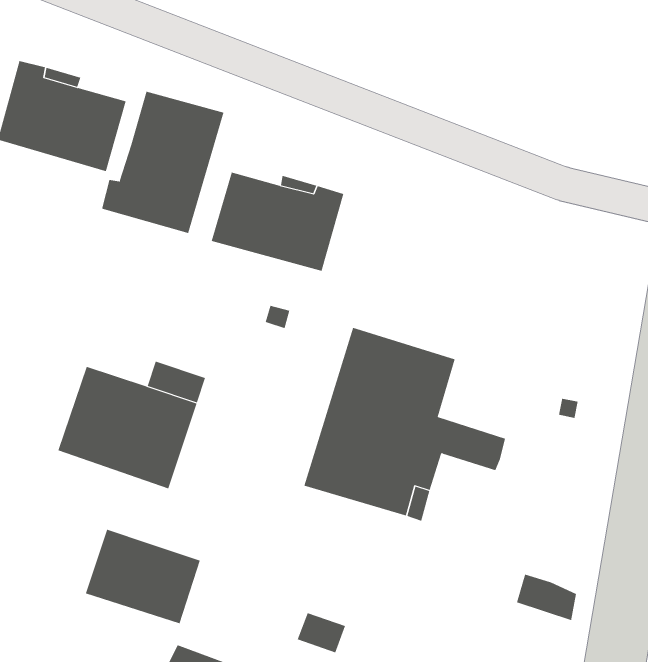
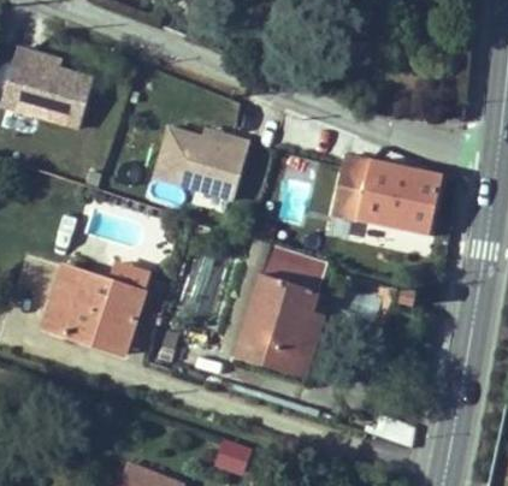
building: [102,91,224,234] -> none
building: none -> [331,154,443,235]
building: [85,529,201,624] -> none

